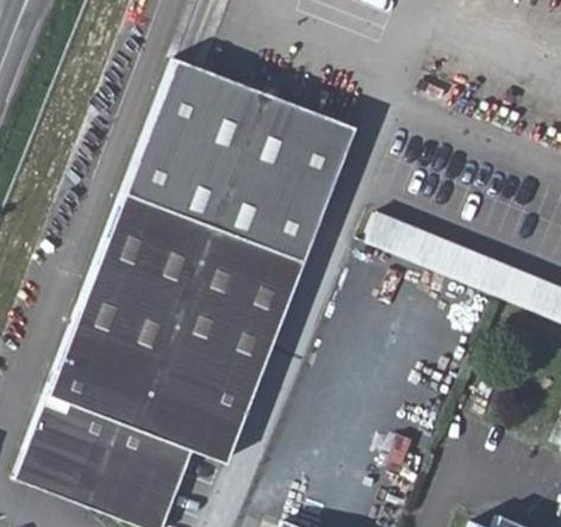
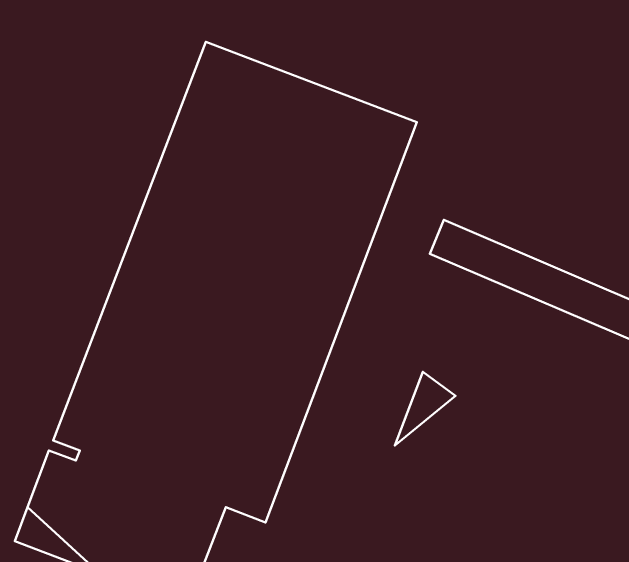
building: none -> [395,372,455,446]

